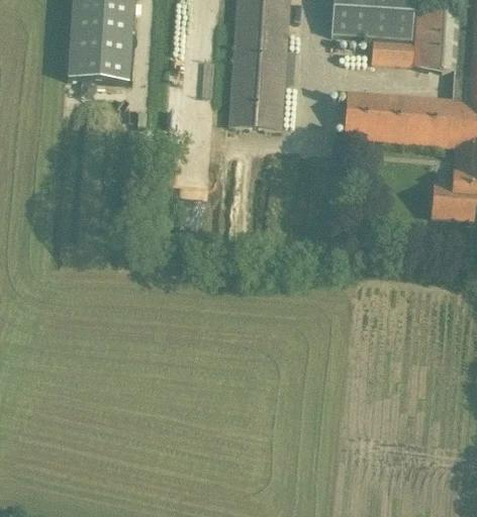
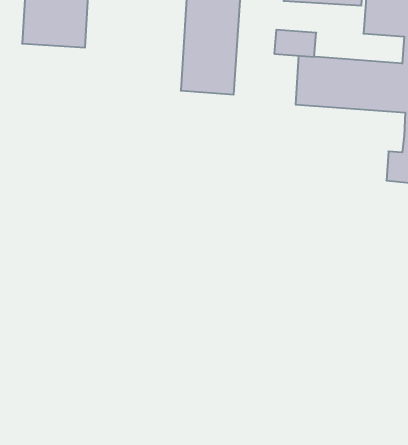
building: [371,37,413,65] -> [274,30,316,57]

